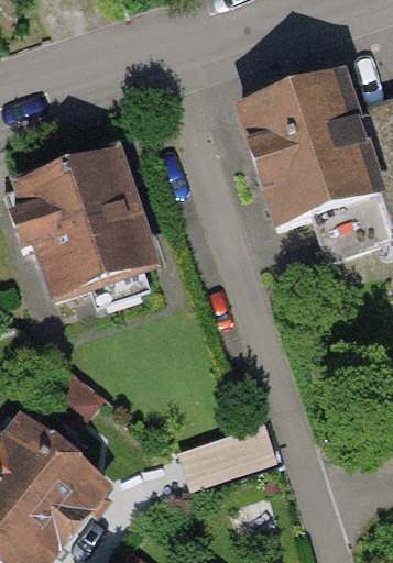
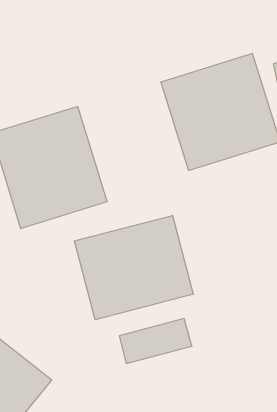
building: none -> [75,215,193,320]

